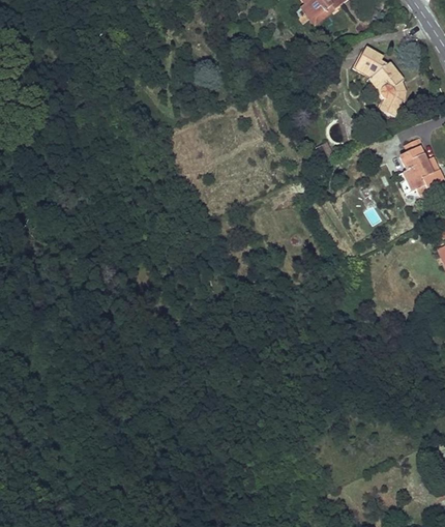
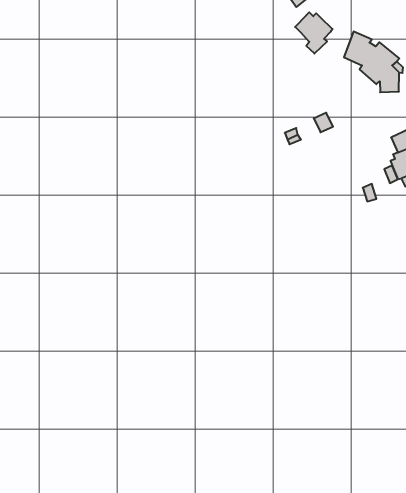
building: none -> [295,12,333,54]

